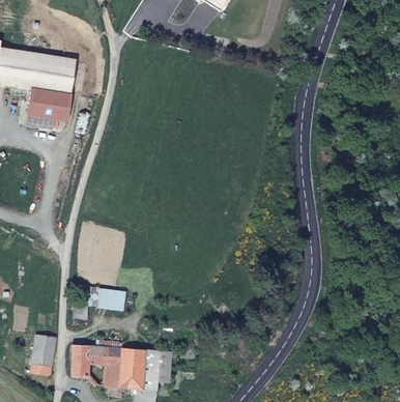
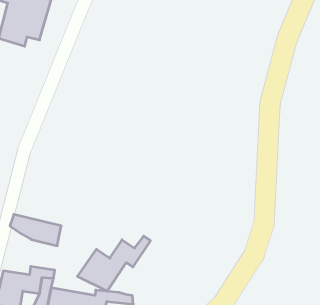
building: none -> [77,236,150,291]

